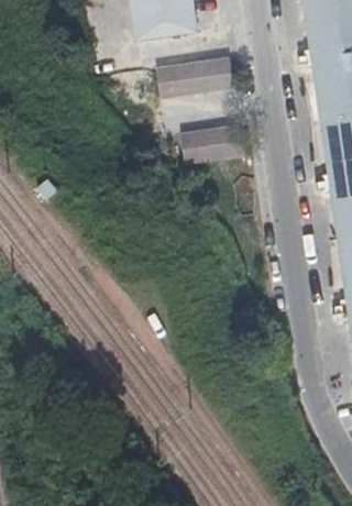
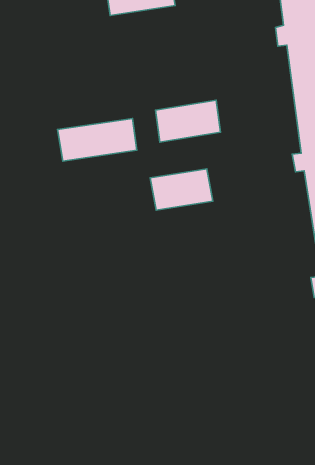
building: [155,56,234,99] -> [57,118,137,161]
building: none -> [150,169,213,210]

